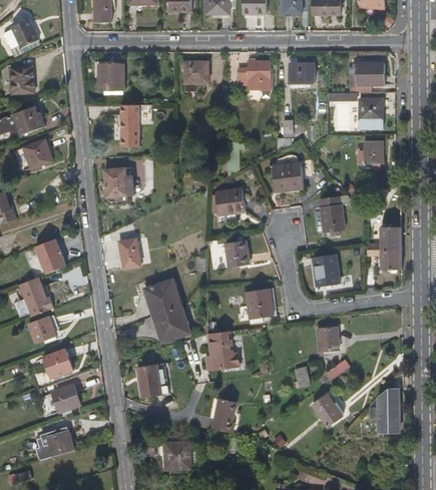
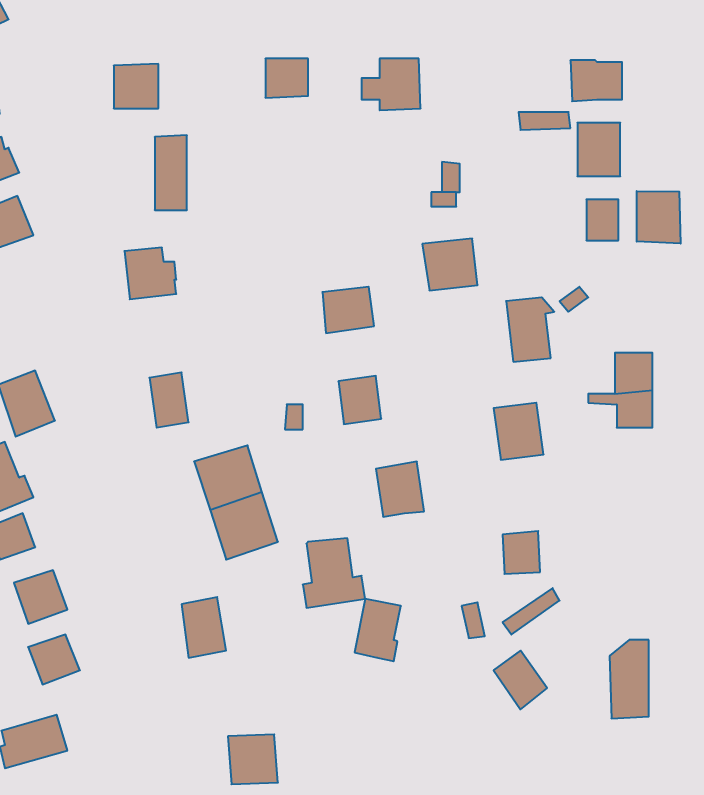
building: [290,63,314,82] -> none
building: none -> [637,191,681,244]
building: [210,398,237,433] -> [355,599,401,661]

